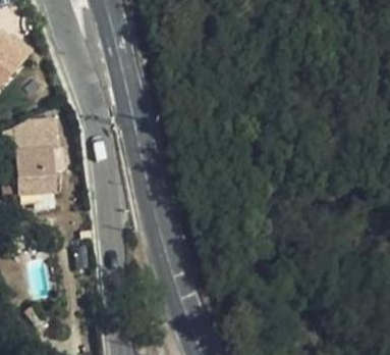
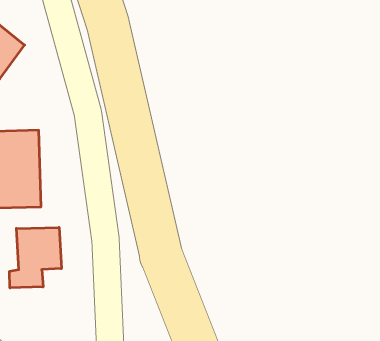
building: none -> [10,227,61,288]

